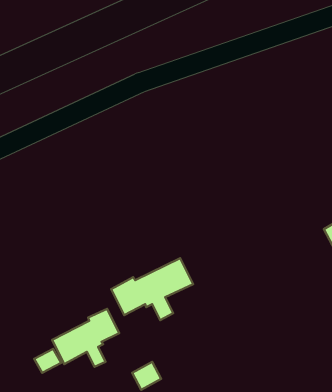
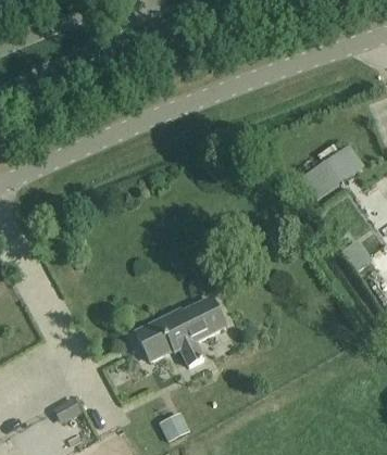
building: none -> [302,144,363,198]
building: [52,309,119,367] -> none

